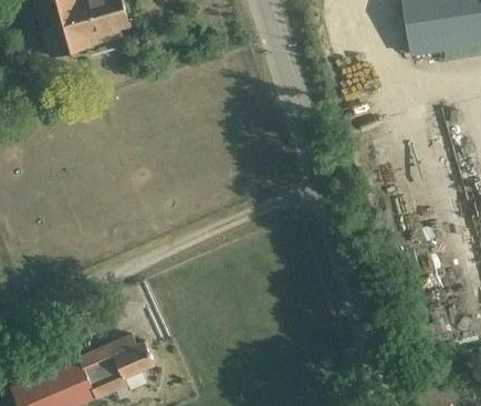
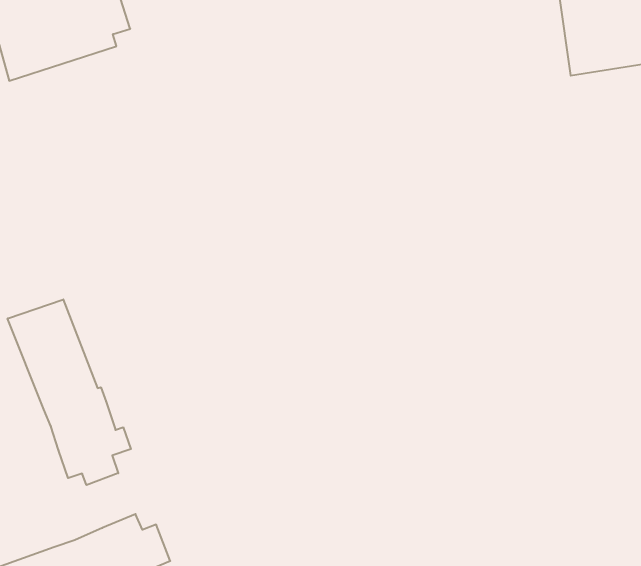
building: none -> [8,299,131,485]

